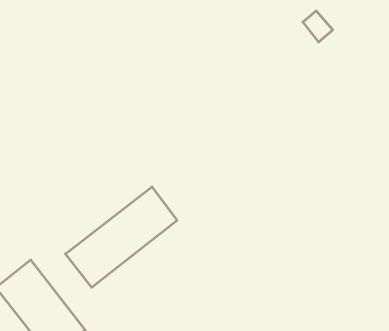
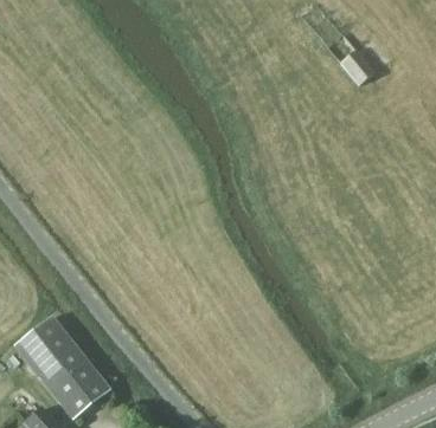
building: [65,187,177,287] -> none

